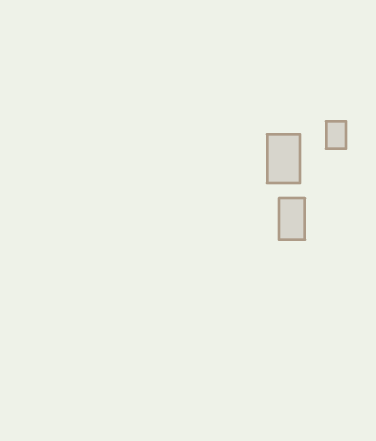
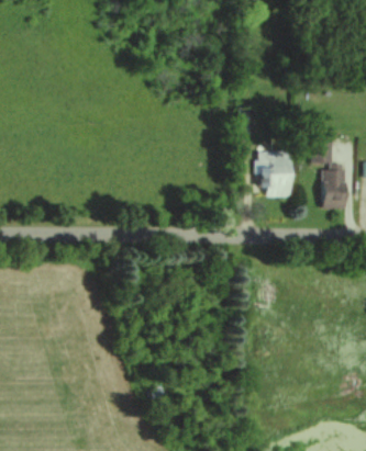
building: [279,198,305,240] -> [322,170,346,208]

